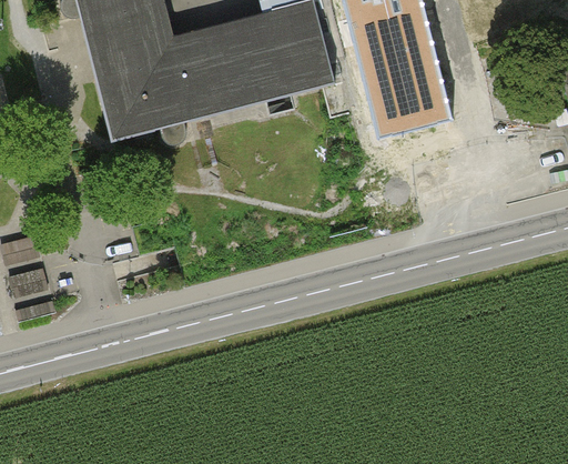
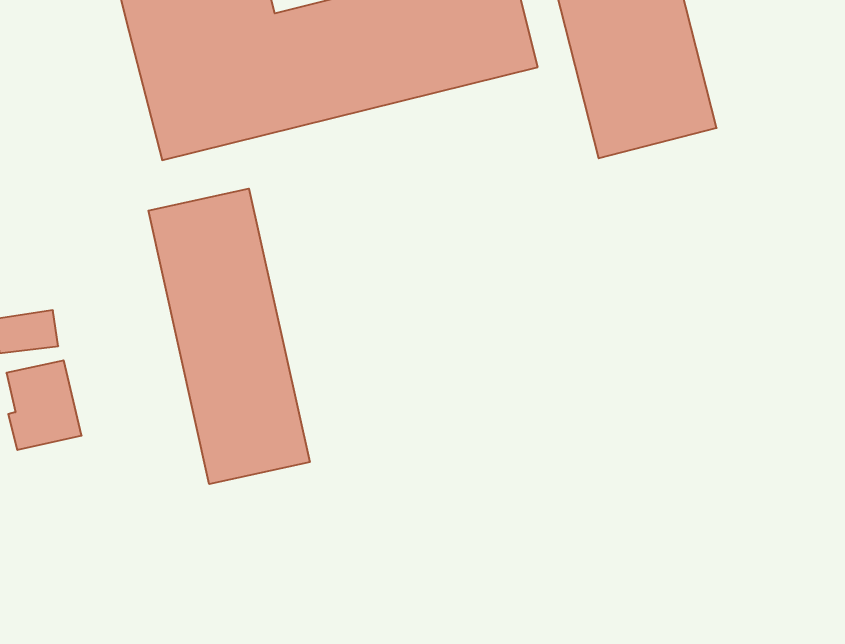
building: none -> [148,189,310,484]

